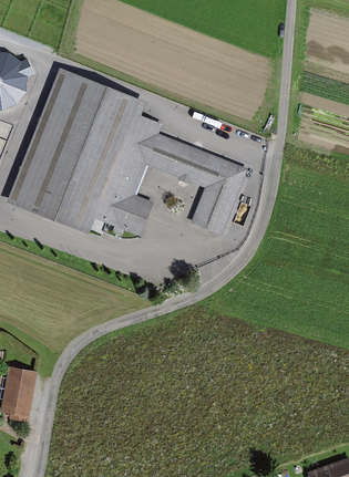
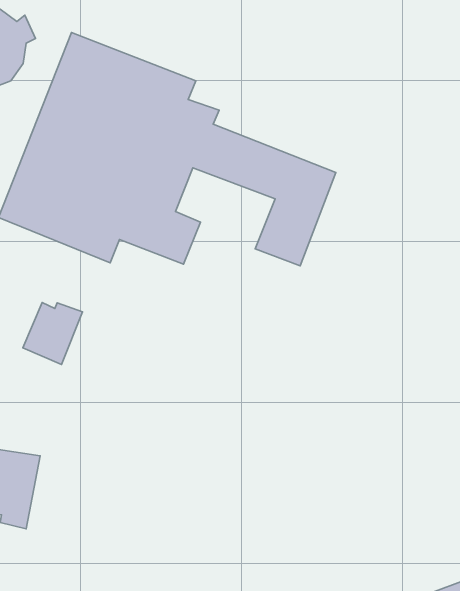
building: none -> [23,303,82,365]

